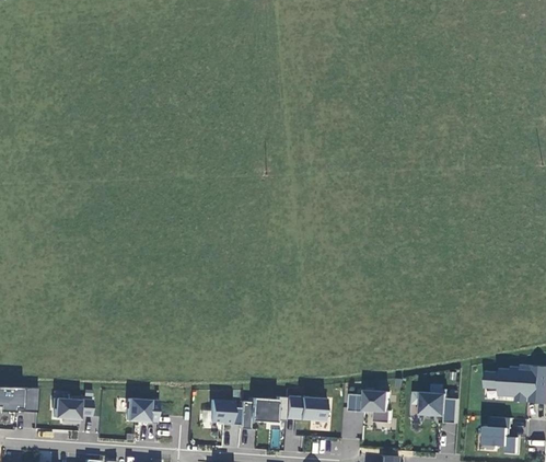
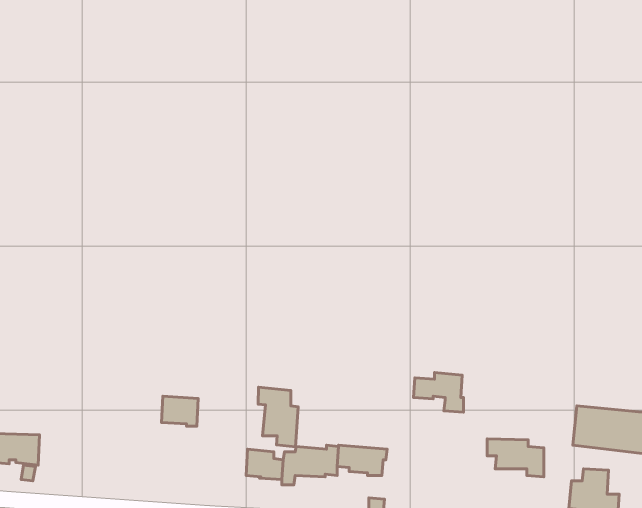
building: none -> [258,387,298,447]
building: [350,390,392,423] -> [413,373,463,412]
building: [53,397,93,423] -> none
building: [128,399,159,424] -> [161,396,198,426]

